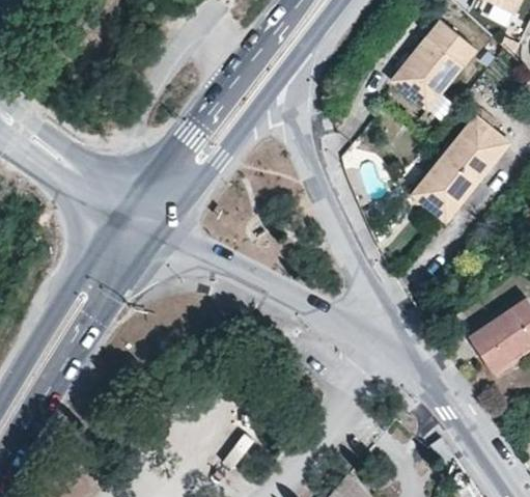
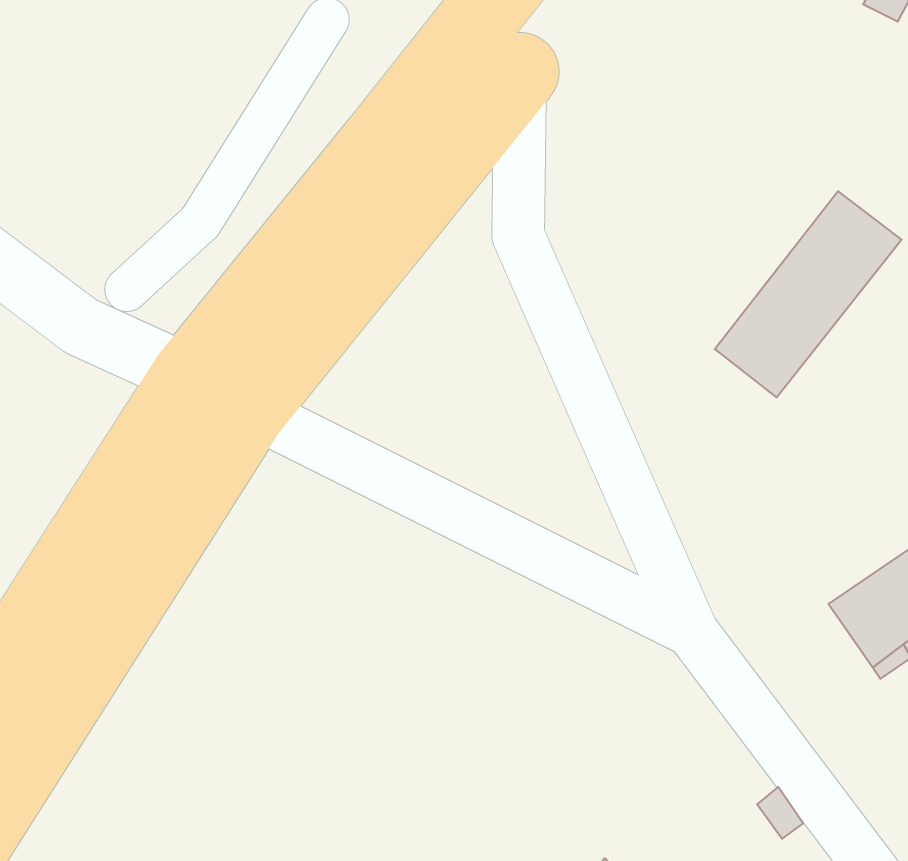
building: [393,19,475,109] -> none

